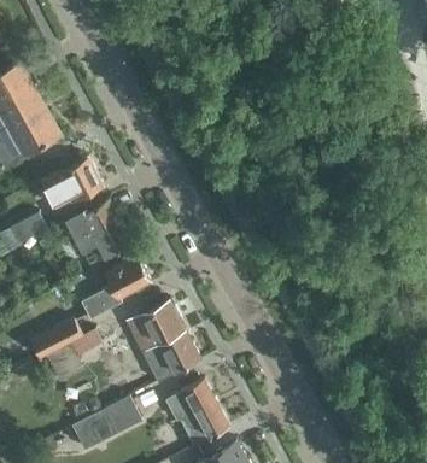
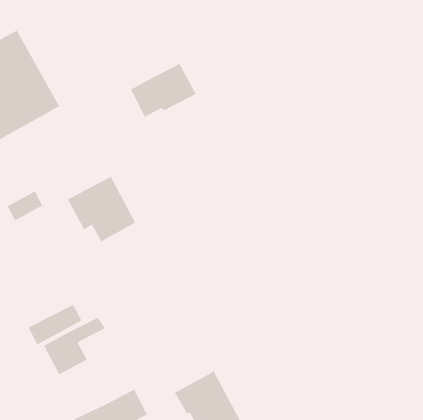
building: [41,157,103,207] -> [130,63,197,118]
building: [80,257,150,318] -> none
building: [129,301,199,383] -> none

